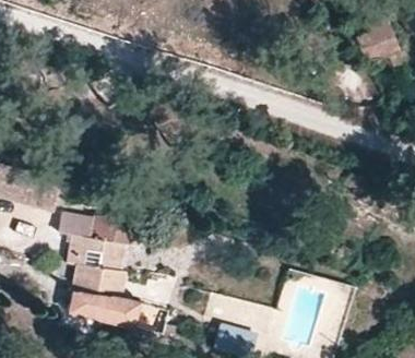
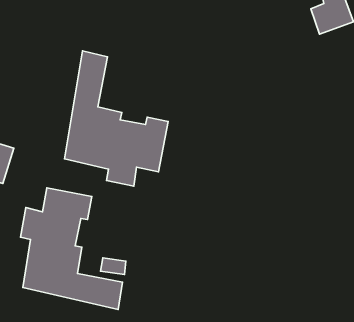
building: none -> [65,51,168,186]

